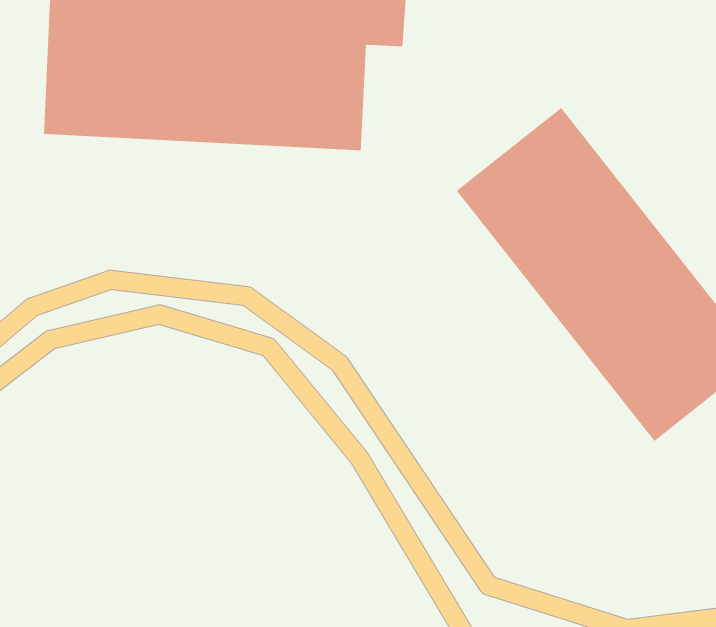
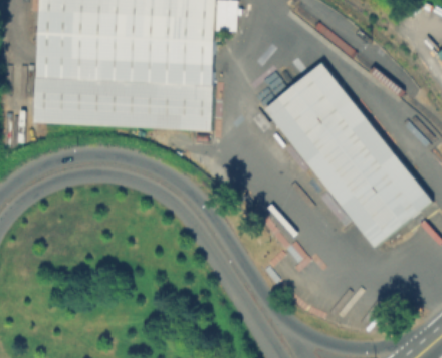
building: none -> [34,77,212,131]

